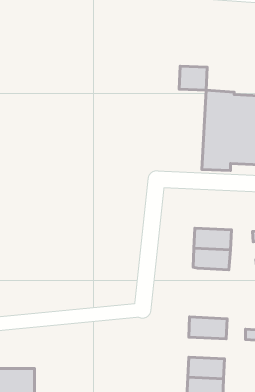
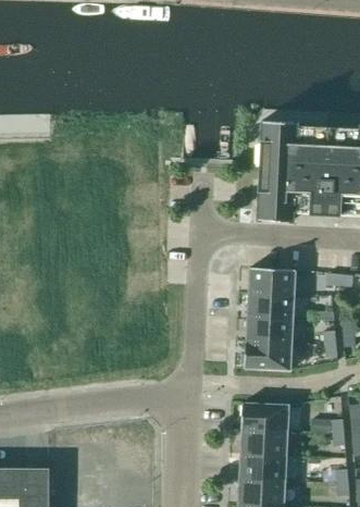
building: [179,66,207,90] -> none
building: none -> [248,268,295,295]
building: none -> [244,342,290,371]
building: none -> [240,429,287,456]

